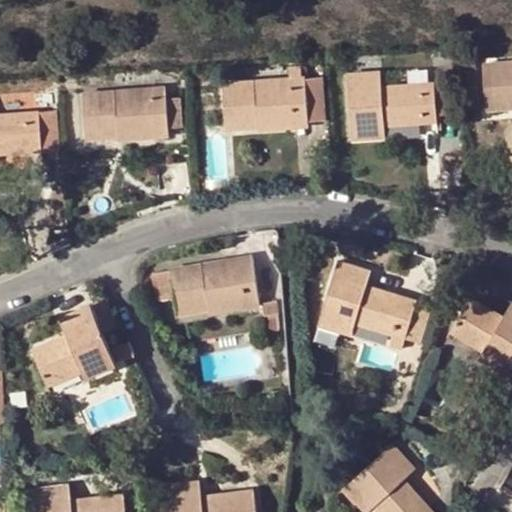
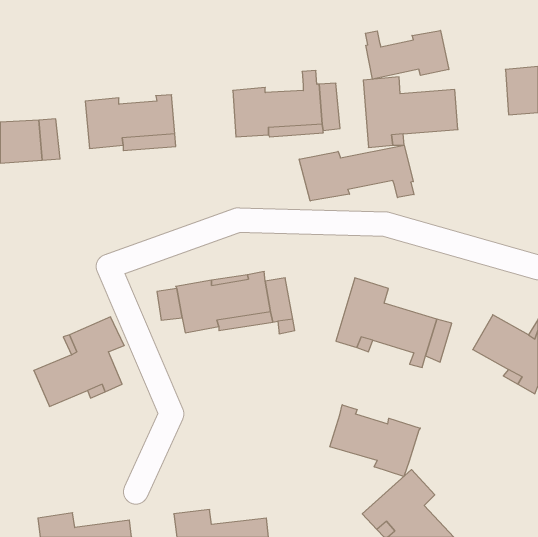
building: none -> [365,30,449,79]
building: none -> [299,145,414,201]
building: none -> [330,405,420,477]

